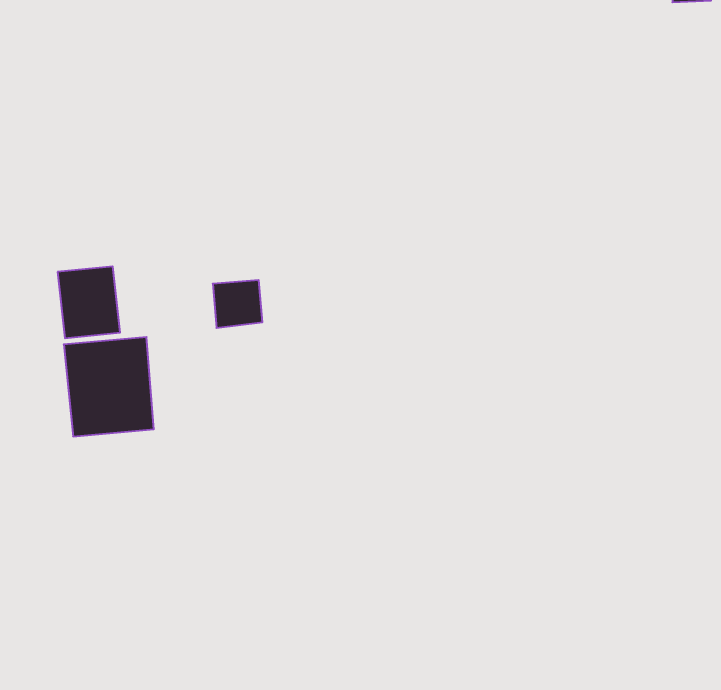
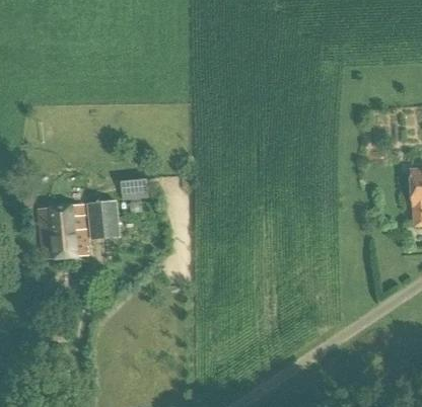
building: [58,266,120,338] -> [86,200,121,240]

